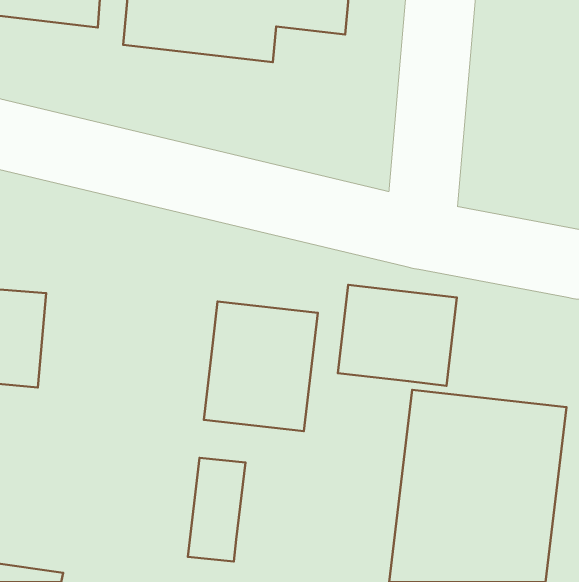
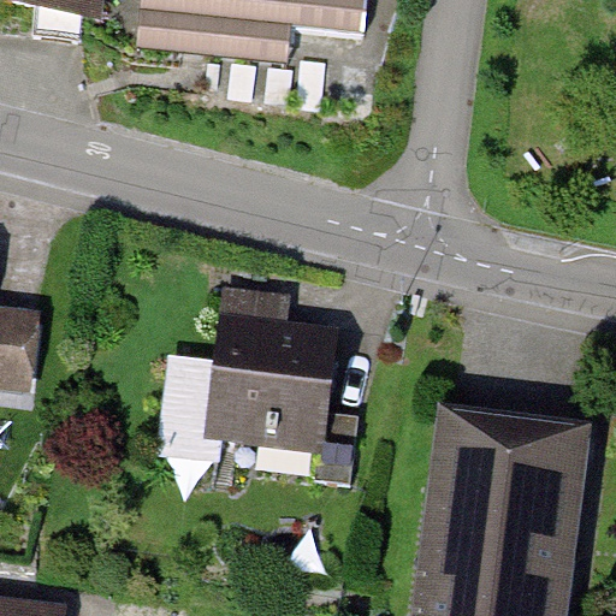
building: [338,285,457,386] -> none
building: [188,458,245,561] -> [162,354,223,462]

